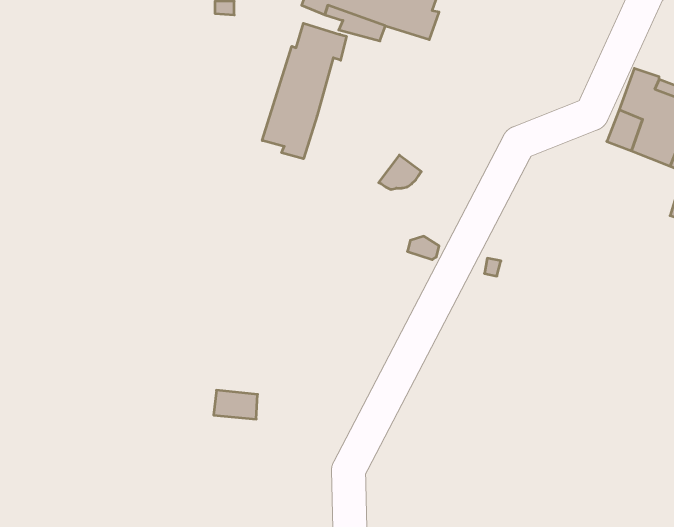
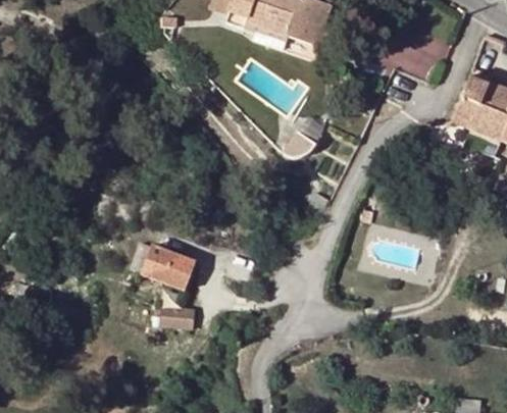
building: [262,23,346,159] -> none
building: none -> [132,242,197,291]

